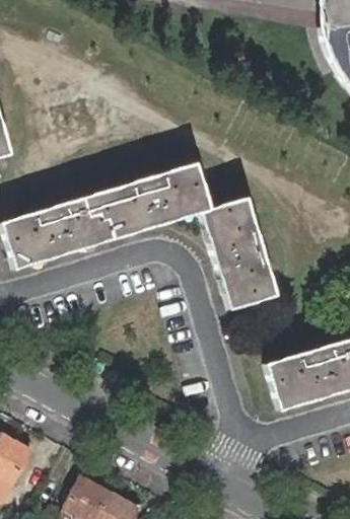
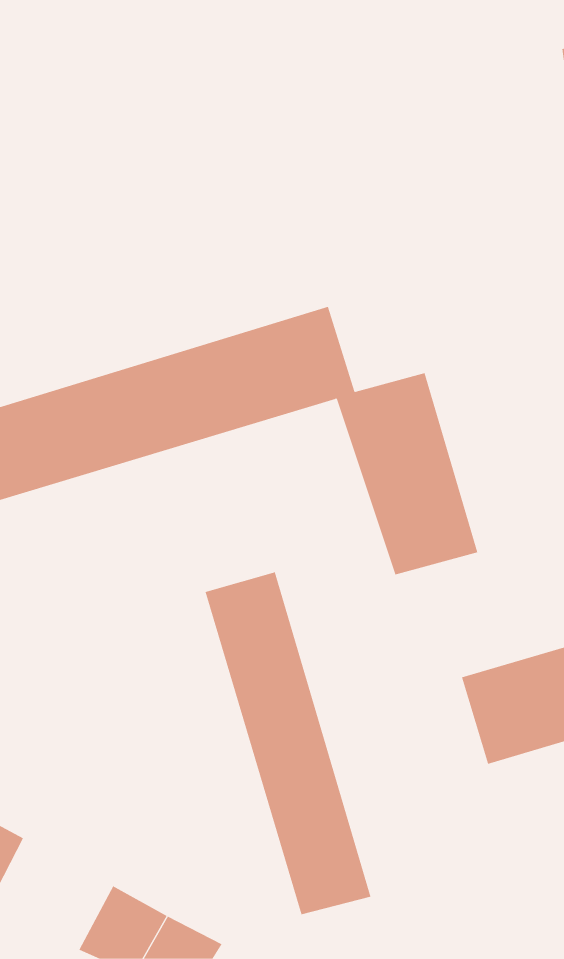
building: none -> [205,571,371,915]

